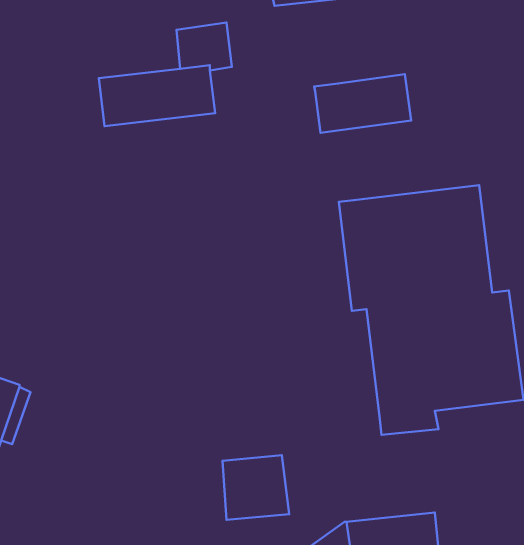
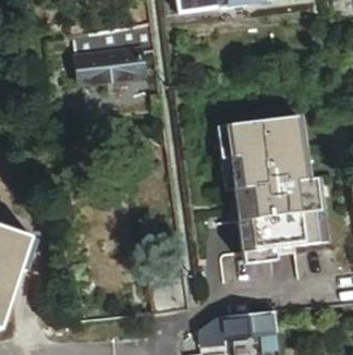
building: none -> [73,26,124,54]
building: [314,74,411,133] -> none

